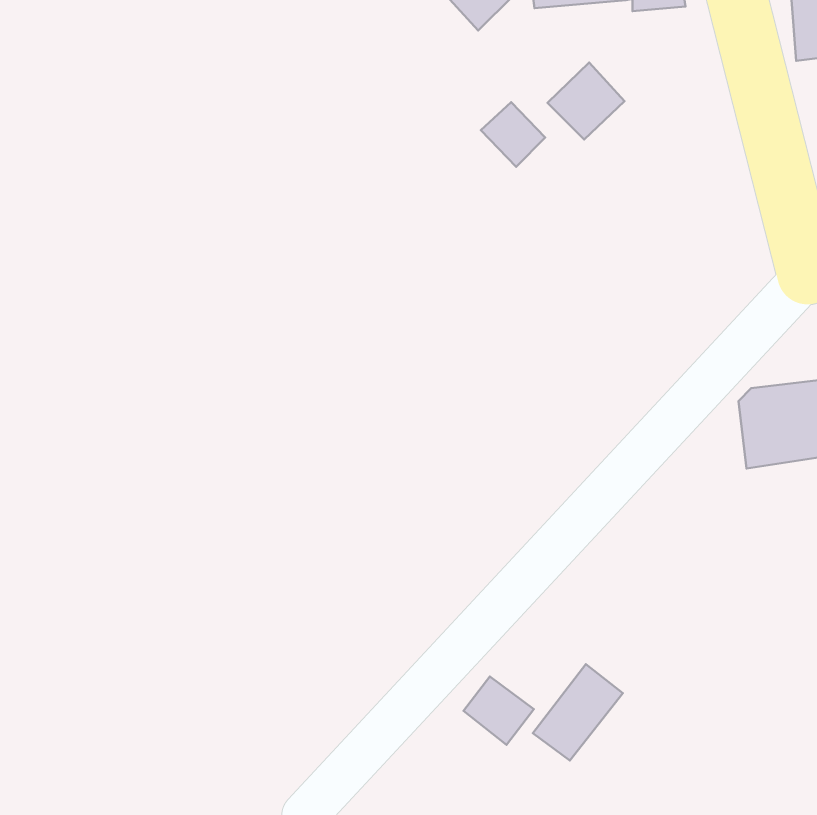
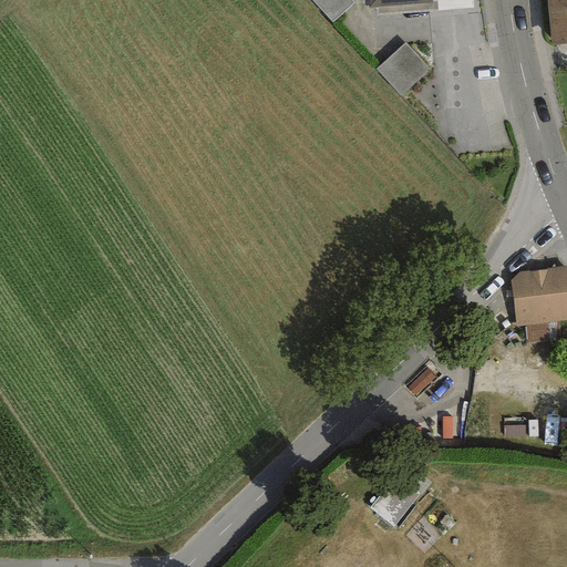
building: [481,102,545,167] -> none
building: [464,676,534,745] -> none

